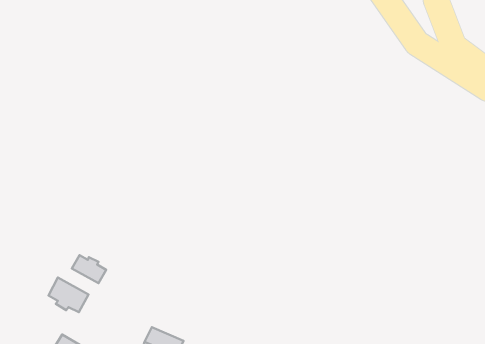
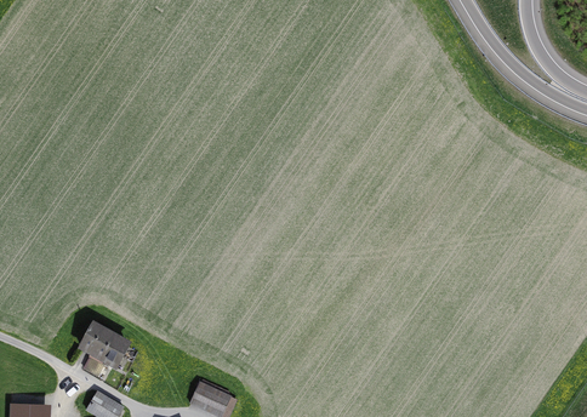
building: [72,255,106,283] -> none

